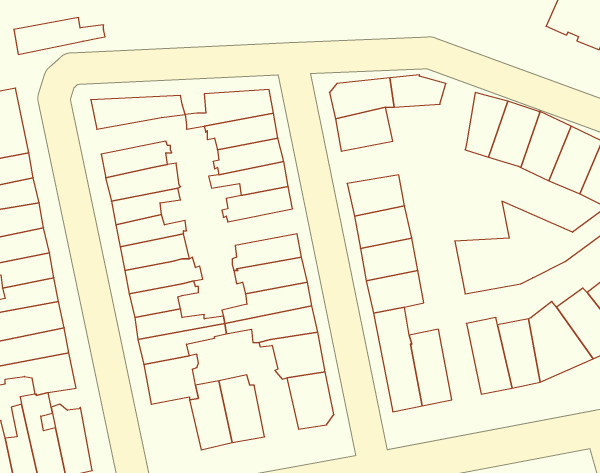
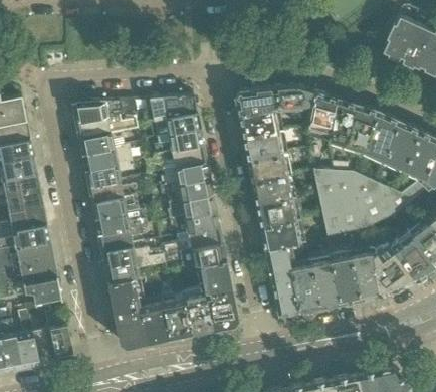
building: [14,18,105,54] -> [76,117,139,142]
building: none -> [306,93,335,135]
building: none -> [243,133,282,162]
building: none -> [314,165,358,201]
building: none -> [161,179,213,204]
building: none -> [308,252,339,310]
building: none -> [179,289,214,335]
building: none -> [114,308,148,348]

